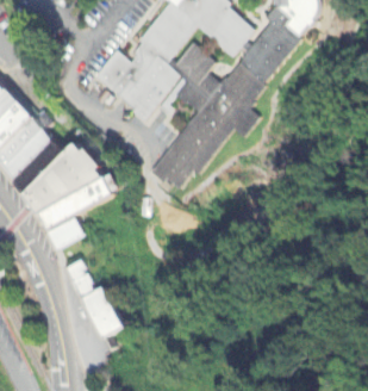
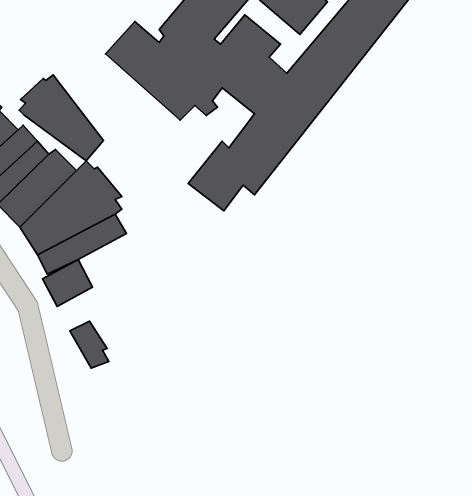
building: none -> [19,75,103,161]
building: [82,288,121,337] -> none

